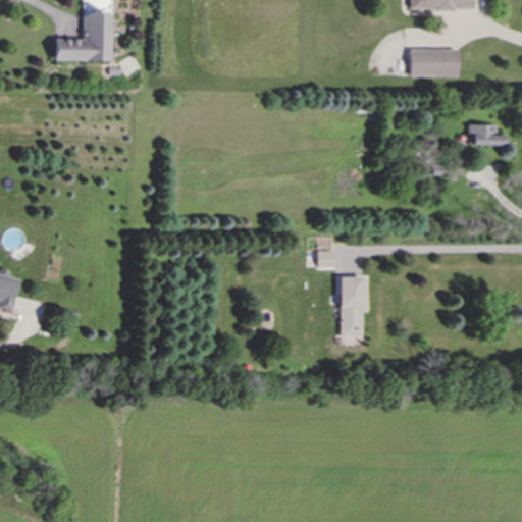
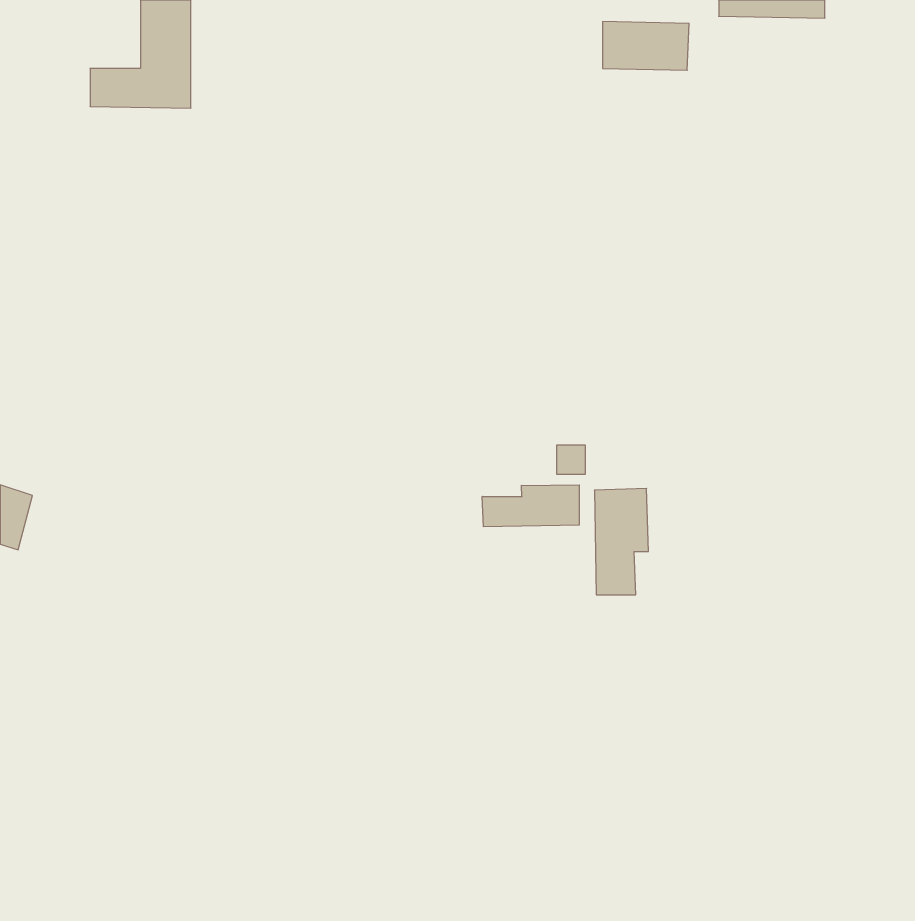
building: [410,49,459,76] -> [603,22,689,70]
building: [468,124,506,145] -> none
building: none -> [482,485,579,527]

